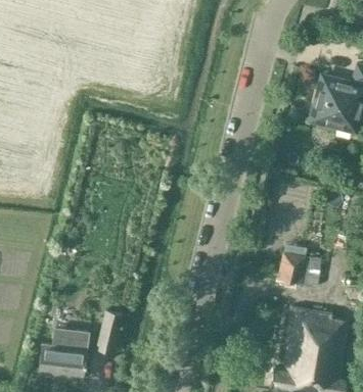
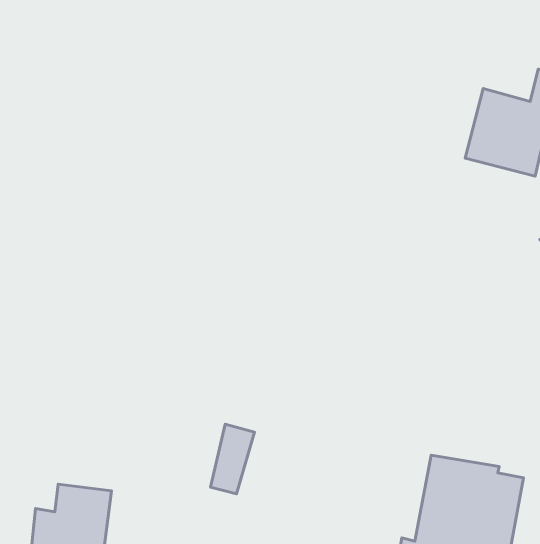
building: [279,253,322,287] -> none
building: [96,312,124,356] -> [211,424,254,494]

